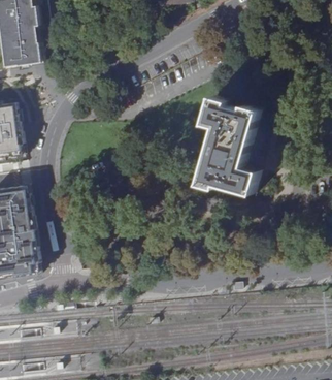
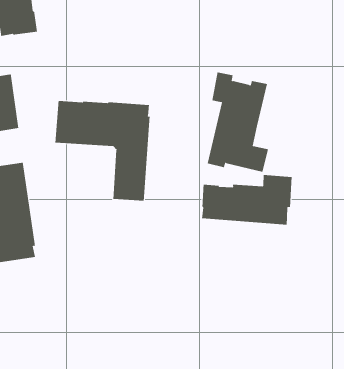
building: none -> [55,100,150,202]
building: none -> [202,174,292,225]

